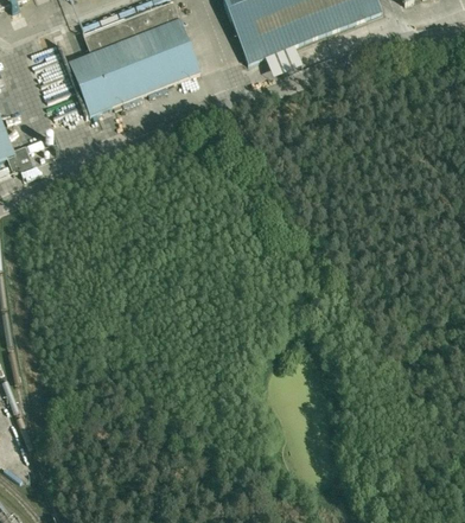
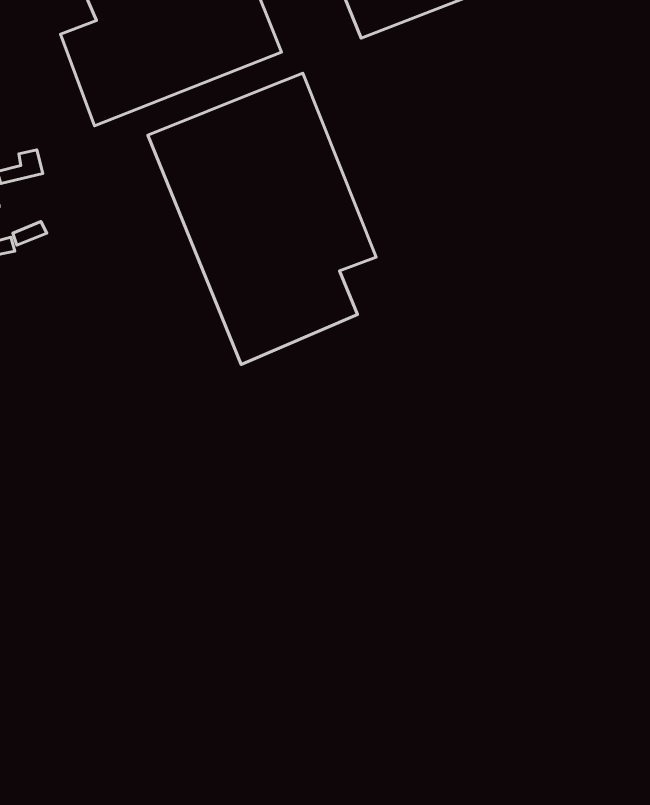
building: none -> [148,73,376,365]

